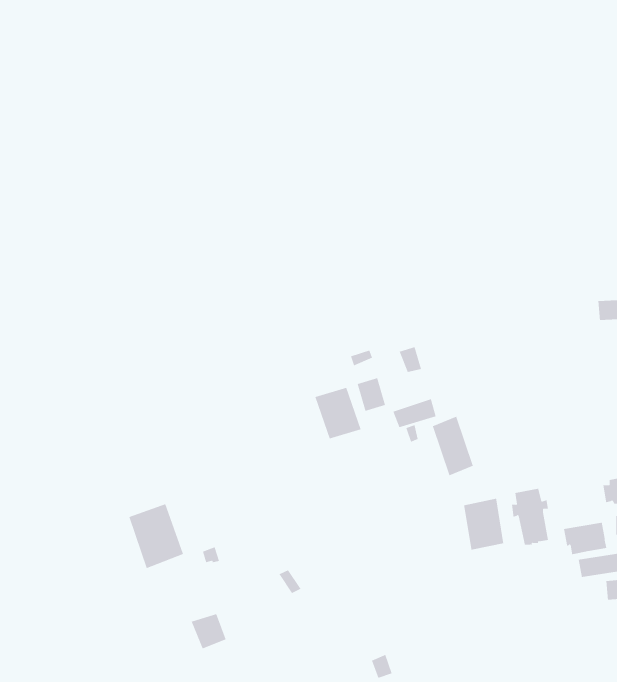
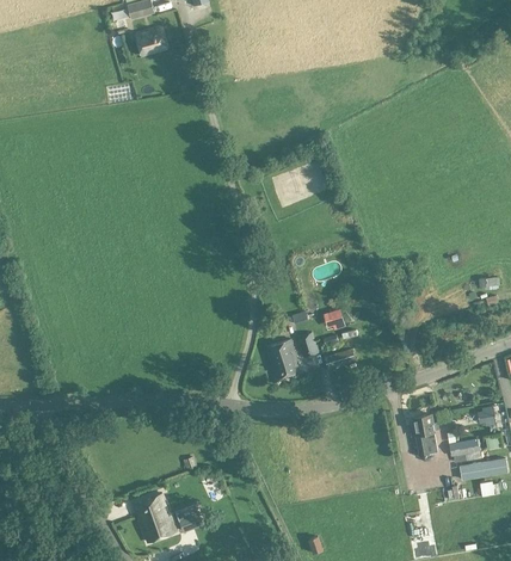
building: [432,416,473,476] -> none
building: [464,498,504,551] -> none
building: [128,504,184,569] -> [134,494,174,542]

